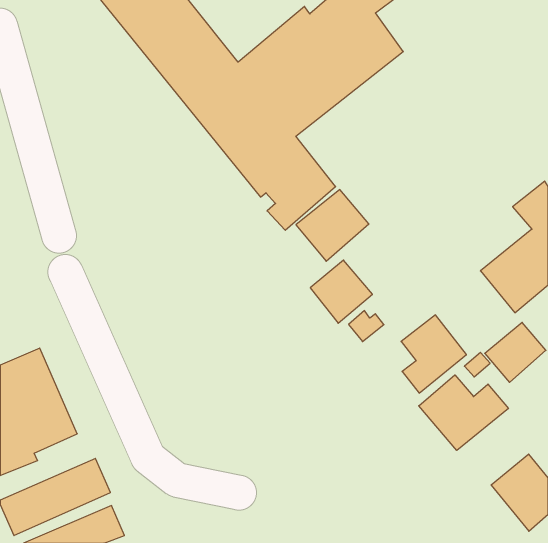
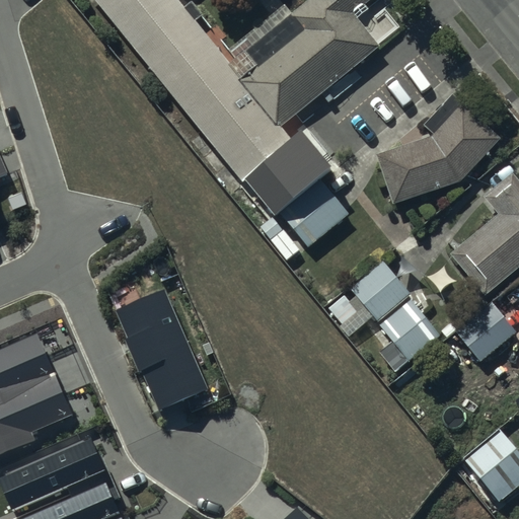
building: none -> [377,92,501,205]
building: [310,260,372,323] -> [352,261,411,320]
building: none -> [115,284,209,405]
building: [419,375,508,450] -> none

